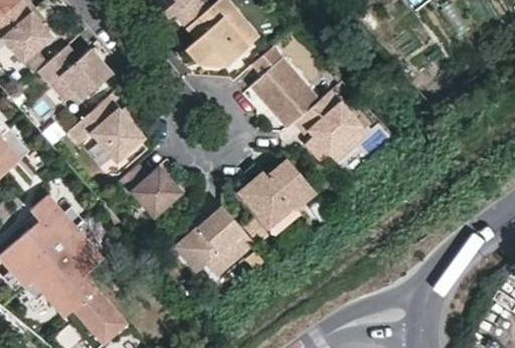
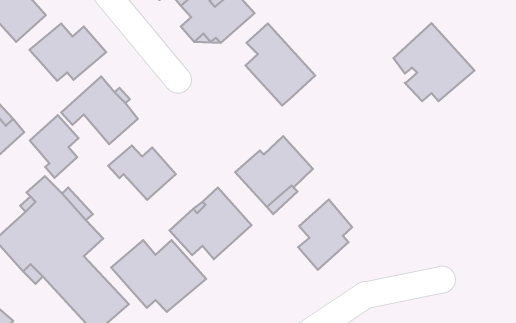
building: [291,85,370,162] -> [394,23,474,101]
building: none -> [30,115,79,178]
building: none -> [298,199,352,270]
building: none -> [111,240,206,312]

